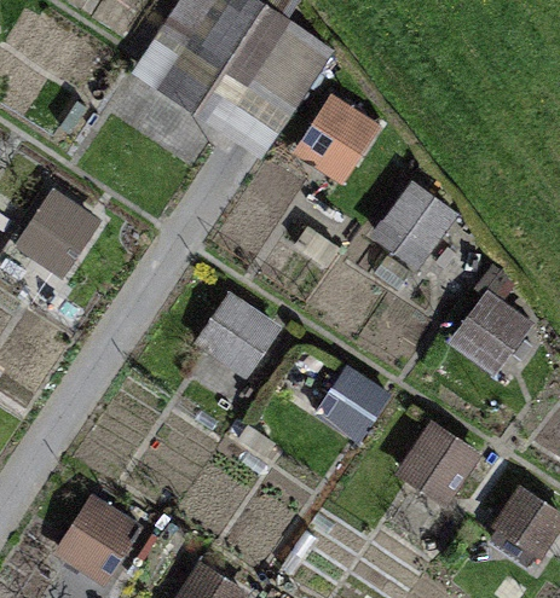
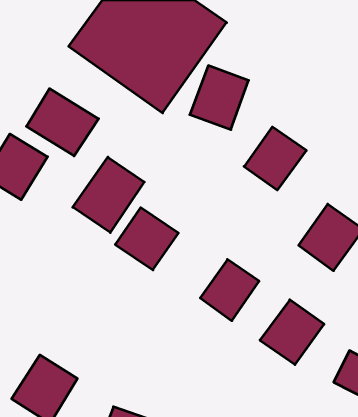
building: none -> [26,89,99,156]
building: none -> [73,157,144,233]

